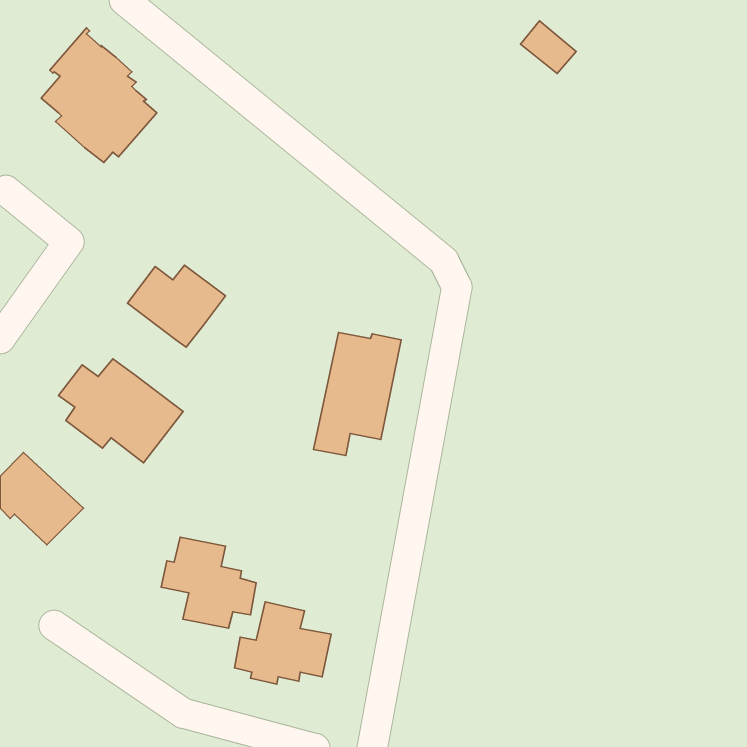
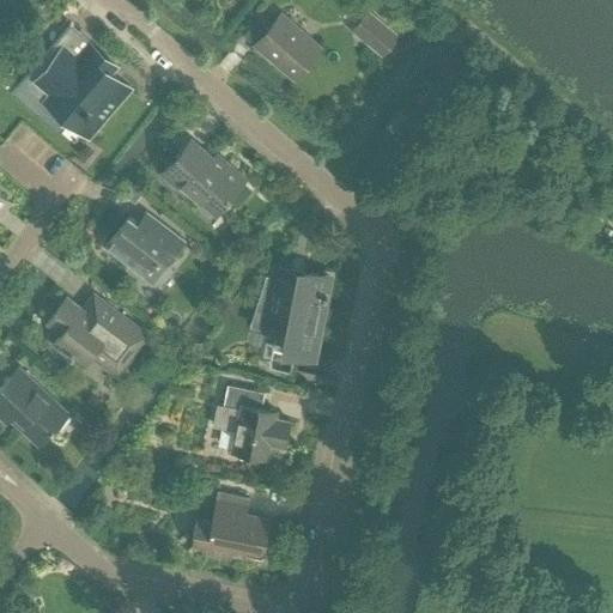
building: none -> [255,16,321,80]
building: [521,21,576,74] -> [353,13,399,56]
building: none -> [162,140,247,217]
building: [161,537,256,628] -> [213,387,291,461]

